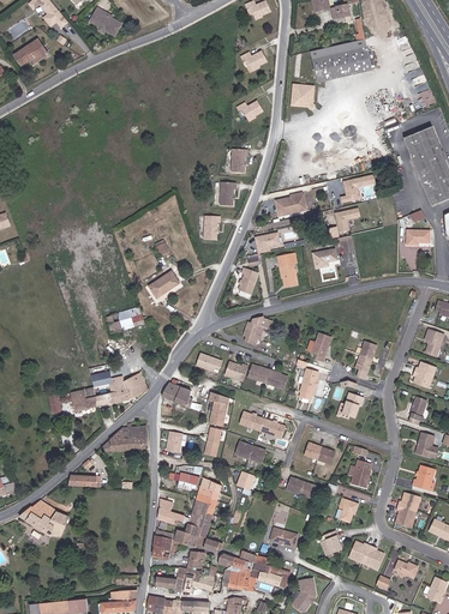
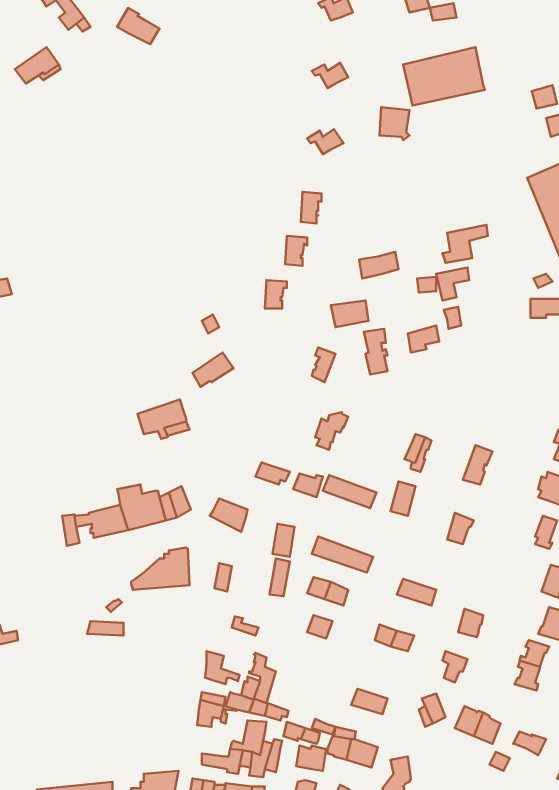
building: [196,477,221,513] -> none
building: [19,499,68,535] -> none

